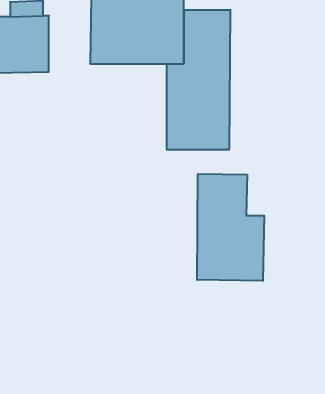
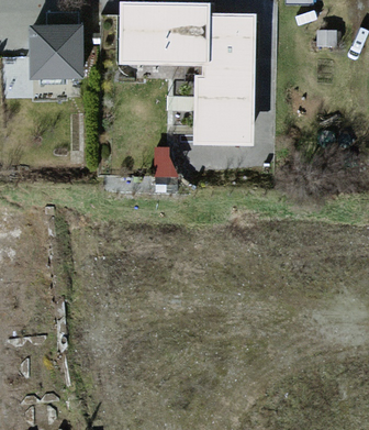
building: [197,174,264,281] -> none

